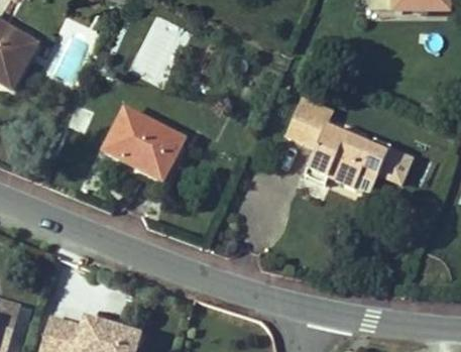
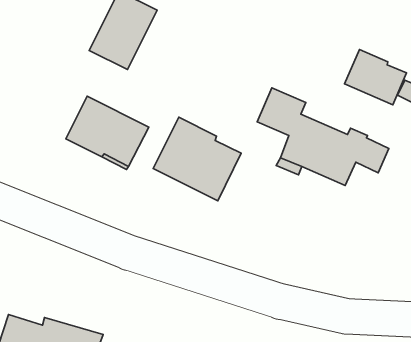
building: none -> [345,49,407,105]
building: none -> [153,117,241,201]

